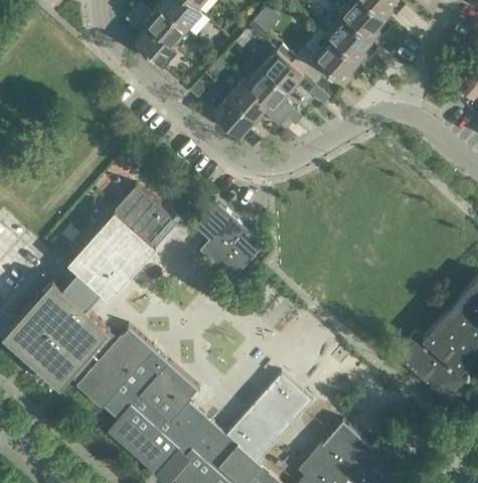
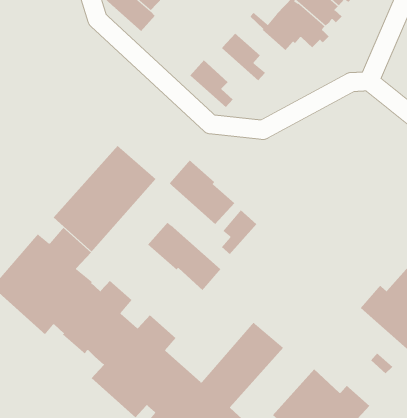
building: [262,50,315,95] -> none
building: [228,79,286,127] -> none
building: none -> [221,210,257,255]
building: none -> [147,222,221,291]

